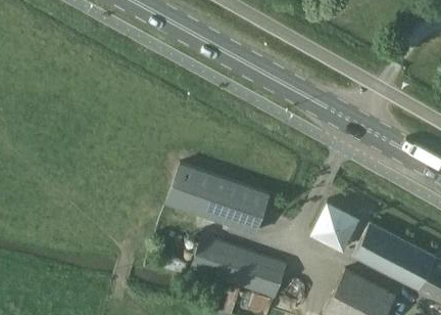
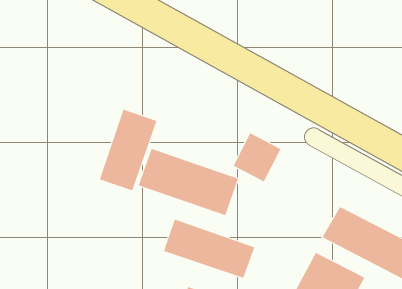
building: none -> [99,109,157,191]
building: [311,200,360,251] -> [233,133,281,182]

